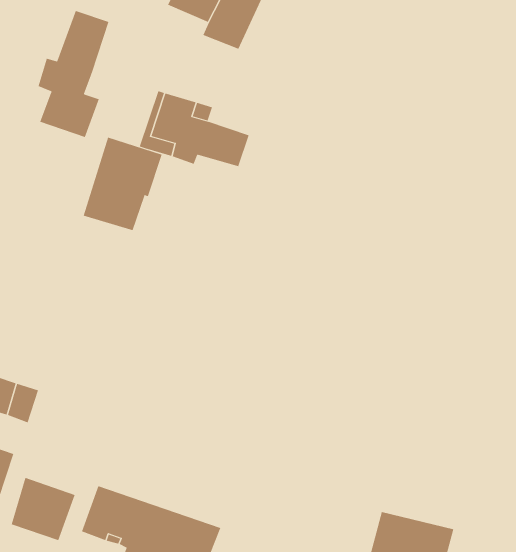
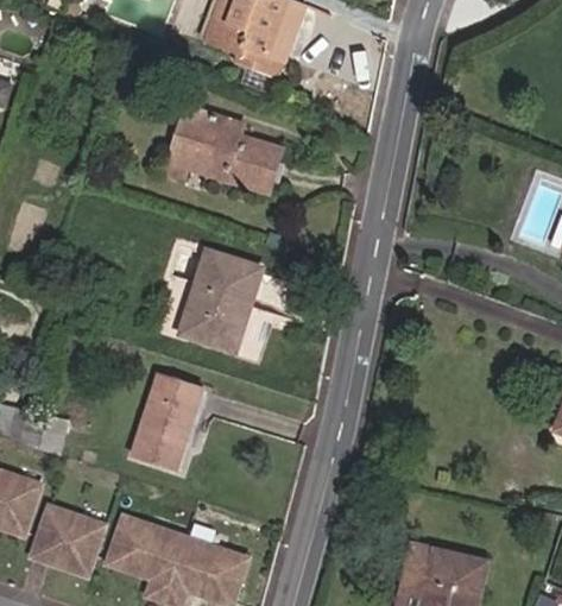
building: [38,10,109,138] -> none
building: [83,137,163,231] -> [181,253,261,348]
building: none -> [127,378,203,469]

